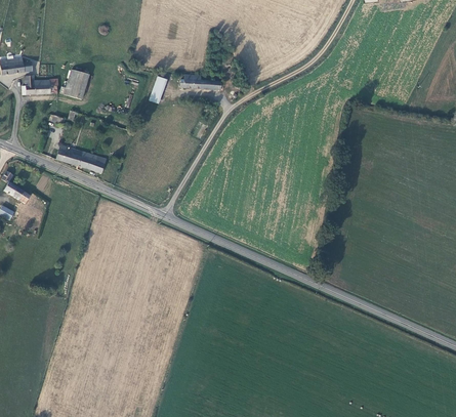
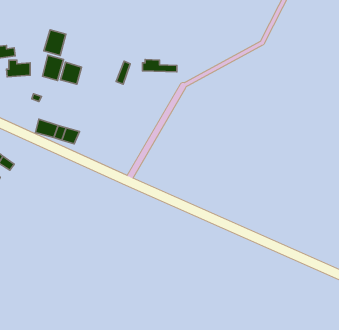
building: none -> [44,30,66,56]
building: none -> [61,62,81,84]

